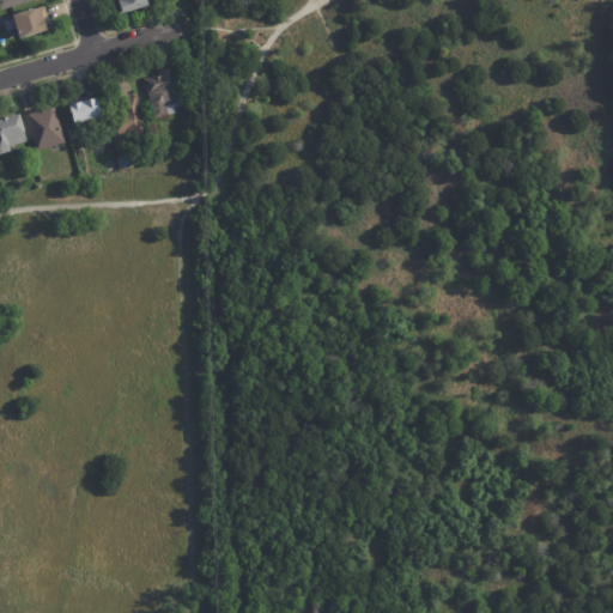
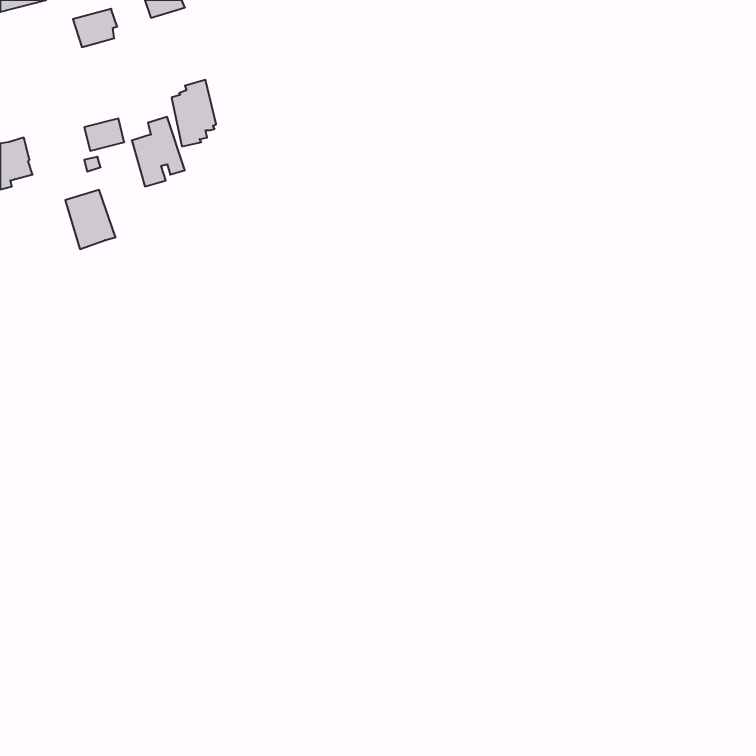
building: [13,7,49,38] -> [73,9,117,47]
building: [25,103,66,151] -> [65,190,116,249]

